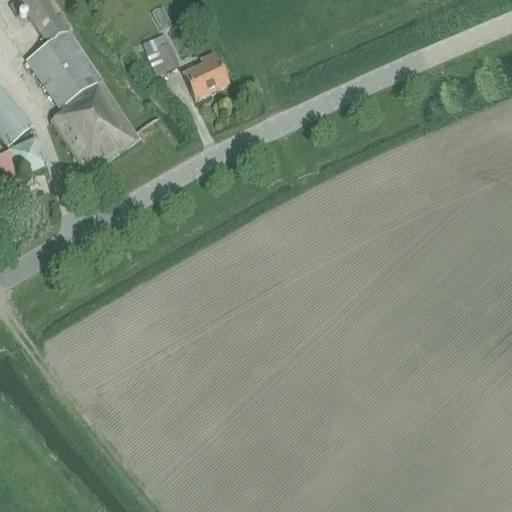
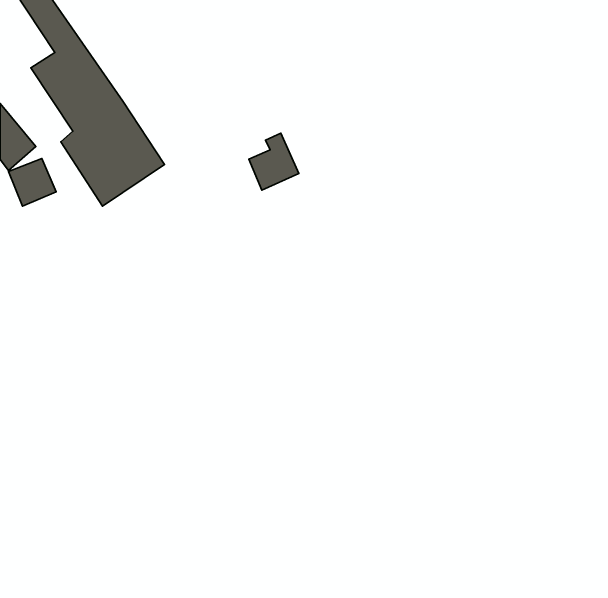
building: [143,29,178,71] -> none
building: [184,50,226,98] -> [249,133,299,190]

